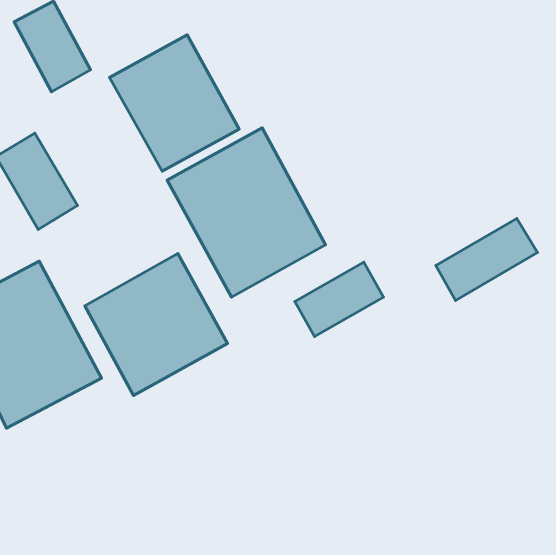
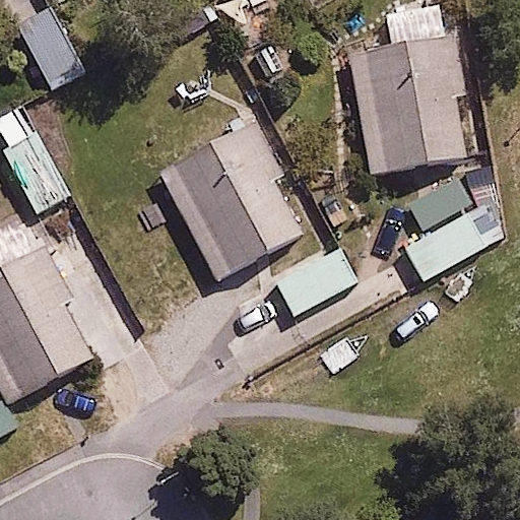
building: none -> [350,34,480,176]
building: [110,35,239,171] -> none
building: [85,253,228,395] -> none

